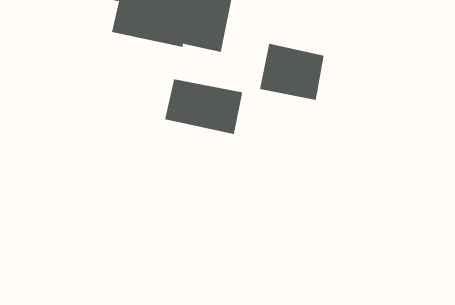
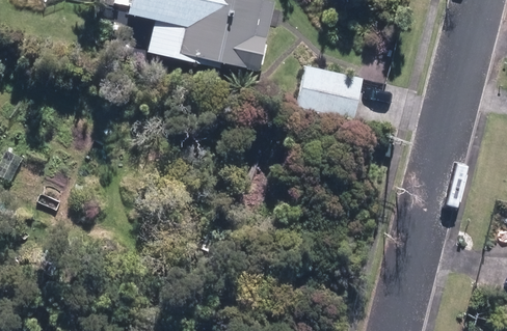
building: [164,78,243,135] -> none

